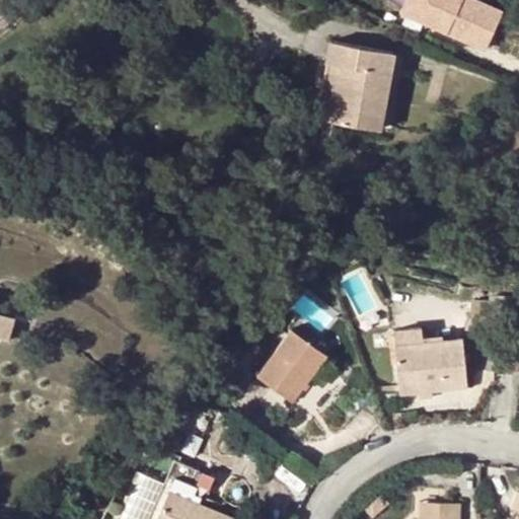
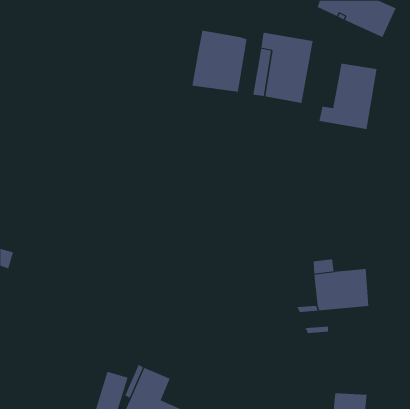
building: none -> [192,30,247,92]
building: none -> [319,63,377,130]
building: [258,331,326,402] -> none

